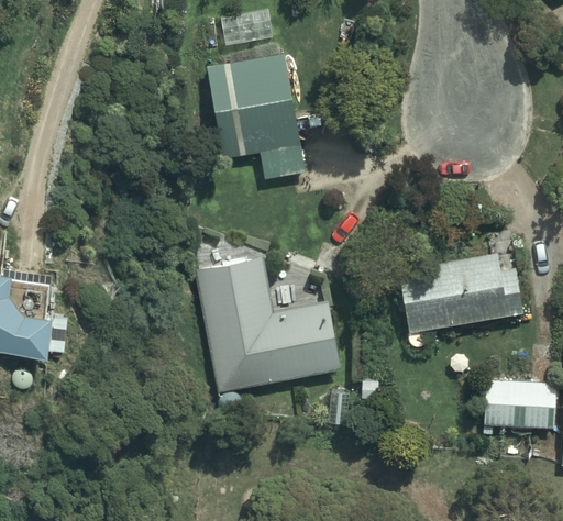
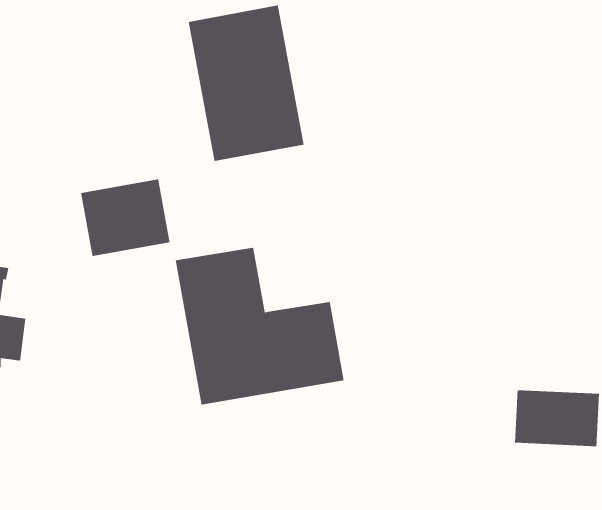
building: none -> [81,179,170,257]
building: [398,254,523,332] -> none

